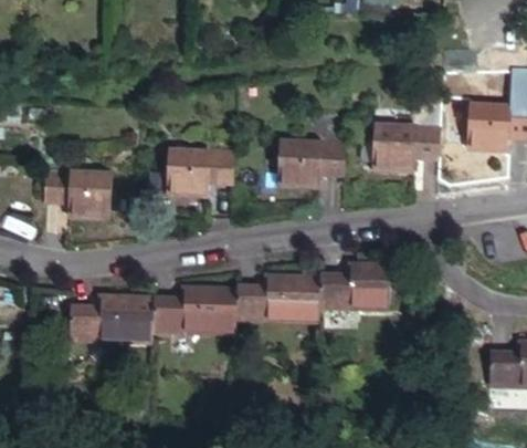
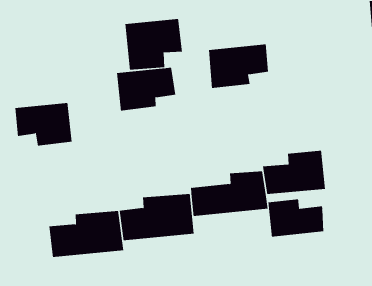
building: none -> [125,18,182,70]
building: [373,111,441,157] -> none
building: none -> [268,199,324,238]

